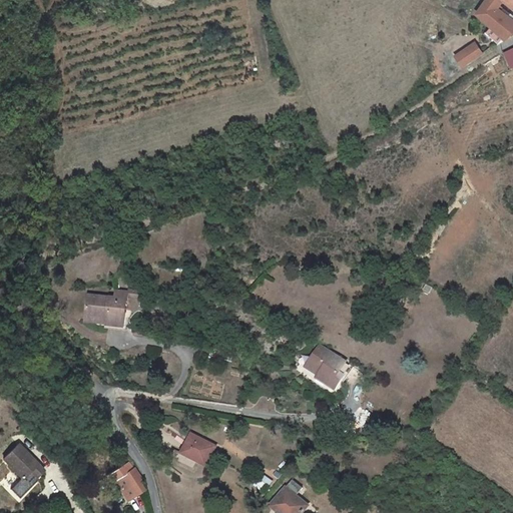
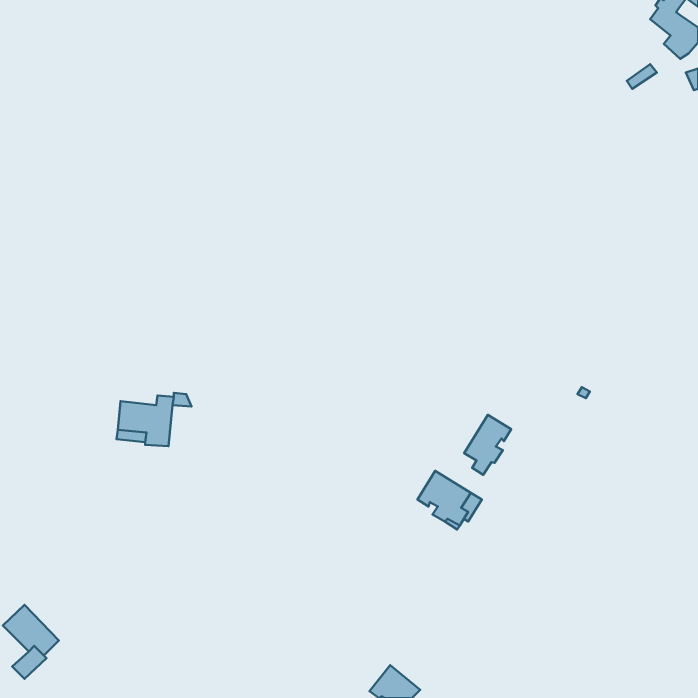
building: none -> [464,415,511,475]
building: [181,433,215,465] -> none
building: [113,467,143,500] -> none

